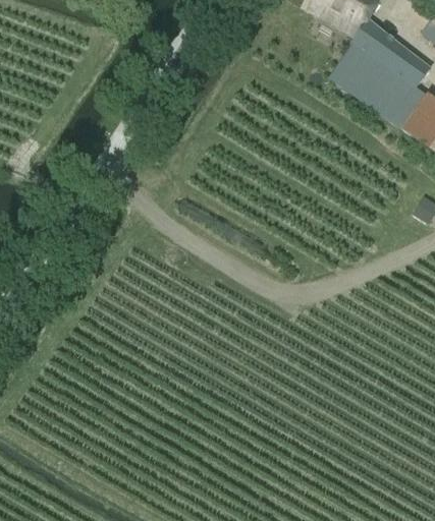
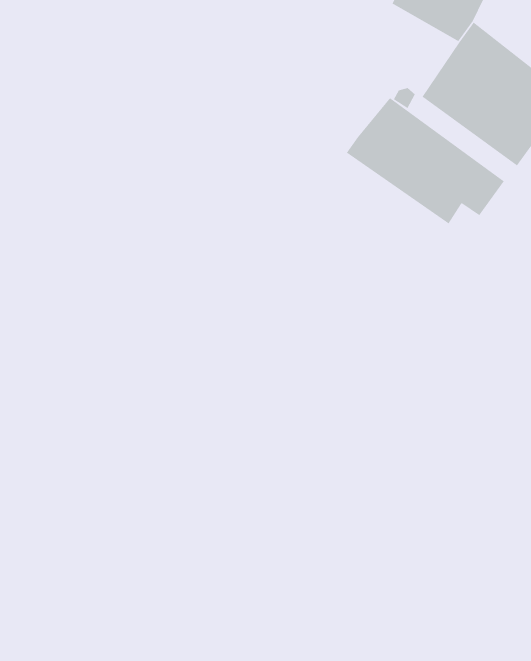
building: none -> [346,97,505,225]

